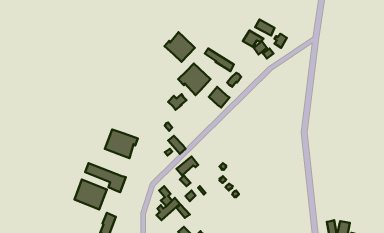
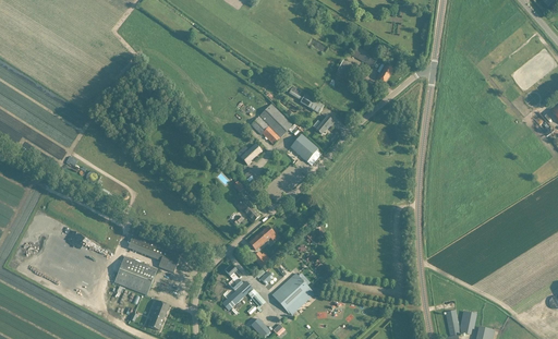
building: [165,32,195,62] -> none
building: [105,129,138,158] -> none
building: none -> [272,273,315,315]

